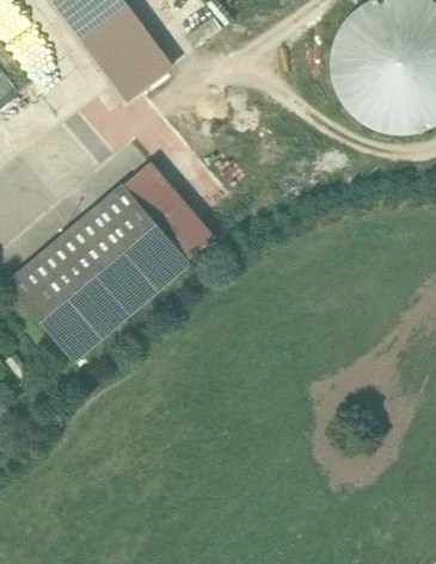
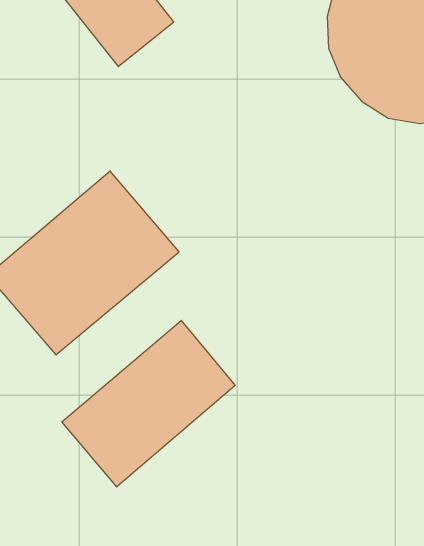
building: [123,165,214,262] -> none
building: none -> [62,320,235,487]

